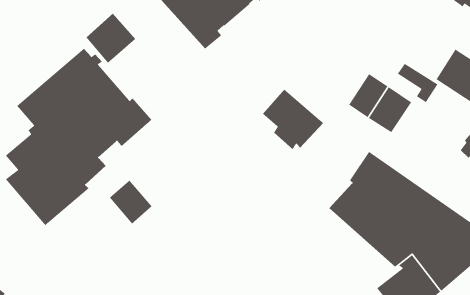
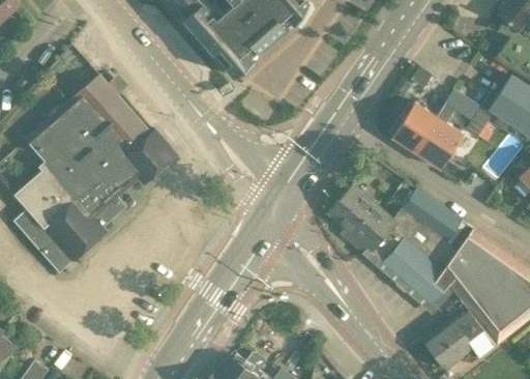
building: [85,13,136,64] -> none
building: [262,88,324,150] -> [328,185,396,254]
building: [109,179,153,224] -> none

